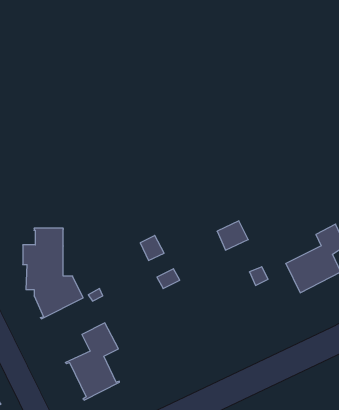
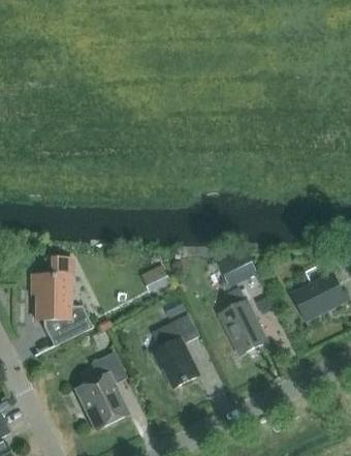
building: none -> [221,287,267,354]
building: none -> [153,313,200,388]

